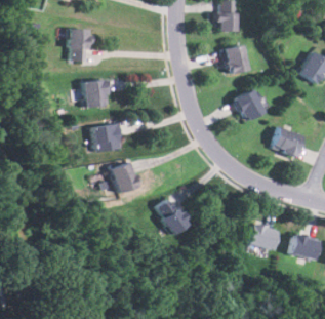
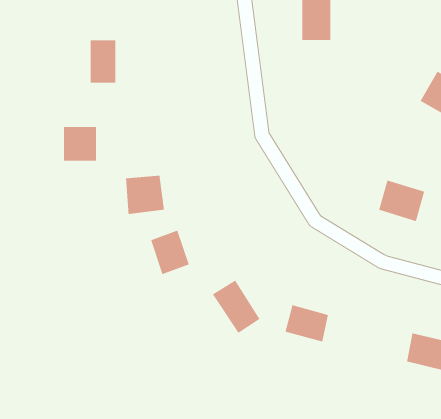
building: [226,45,249,74] -> none
building: [84,81,108,106] -> [63,126,97,161]
building: [234,89,266,122] -> none
building: [247,224,278,250] -> [285,304,329,343]

